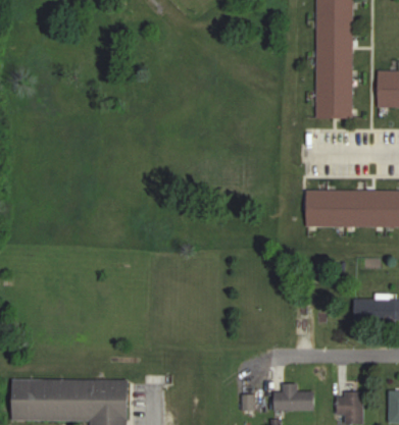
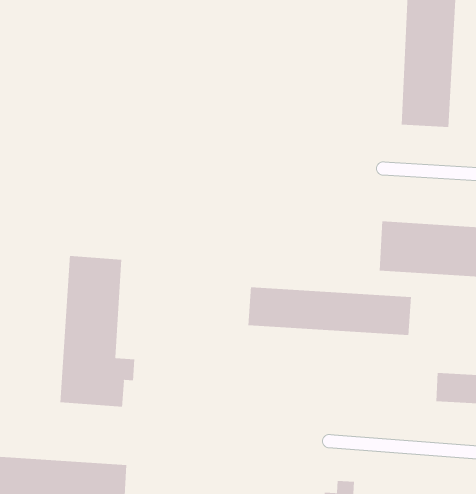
building: none -> [60,255,135,408]
building: none -> [248,286,411,336]

